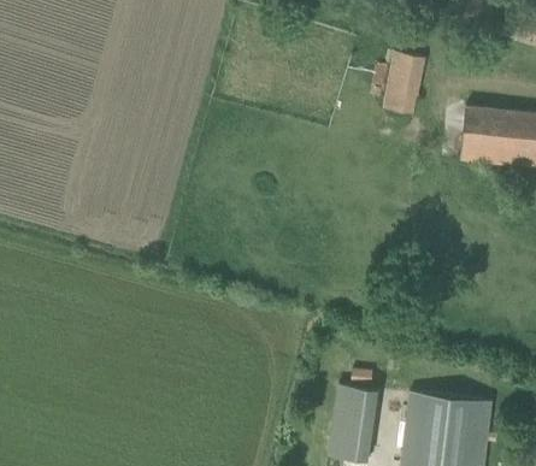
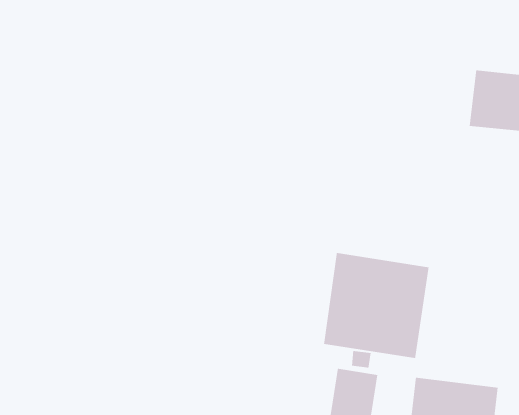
building: [383,51,425,113] -> none
building: none -> [324,252,429,359]

